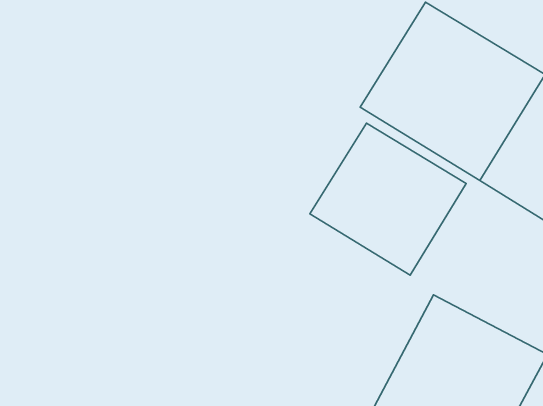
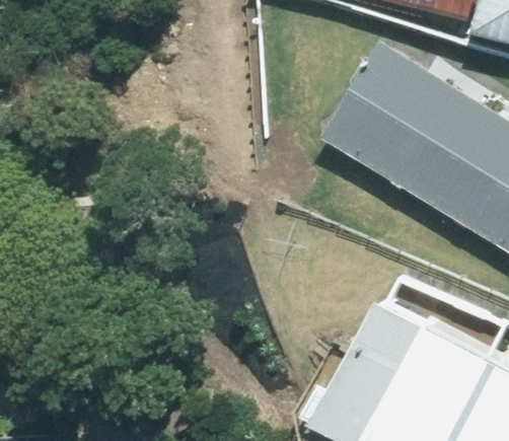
building: [310,123,466,275] -> none

